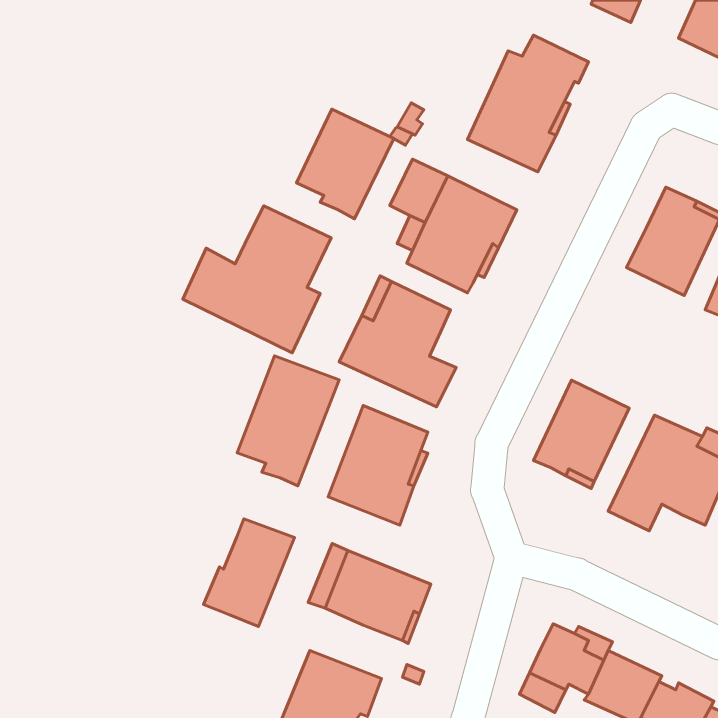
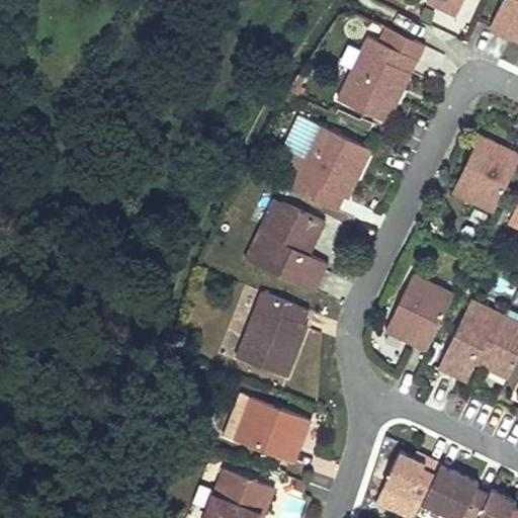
building: [296,109,394,219] -> none
building: [183,206,331,353] -> none
building: [237,356,339,486] -> none
building: [203,519,295,626] -> none

